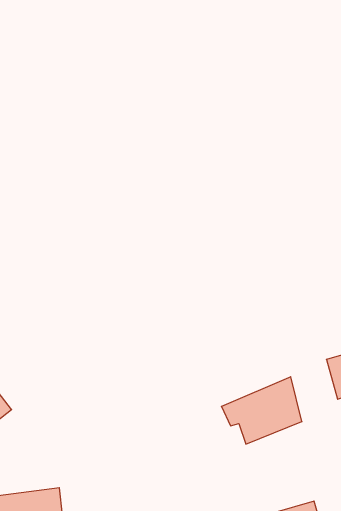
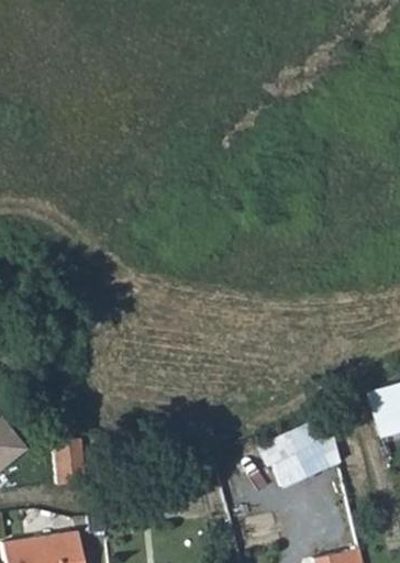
building: none -> [55,438,85,482]

